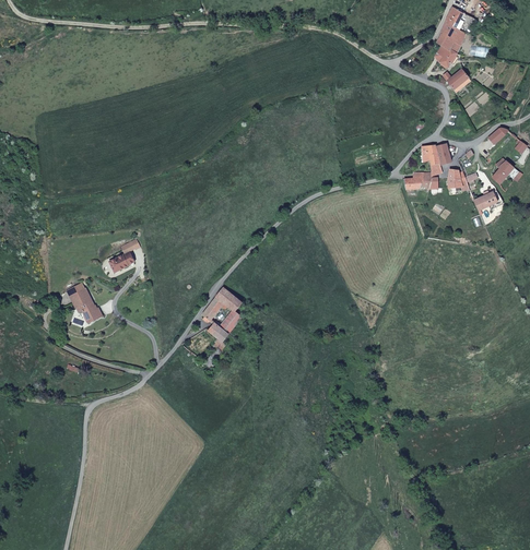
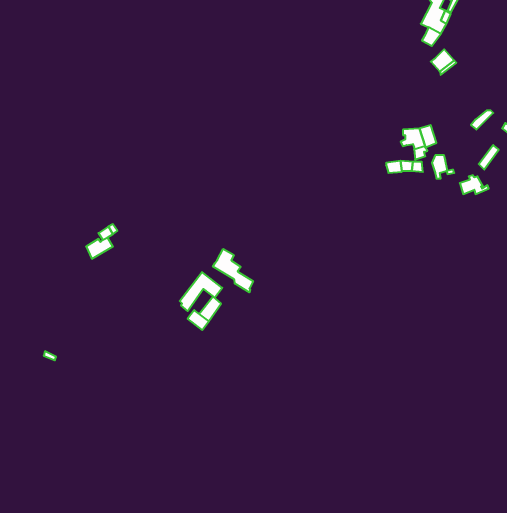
building: none -> [213,249,253,292]
building: [72,287,101,321] -> none

